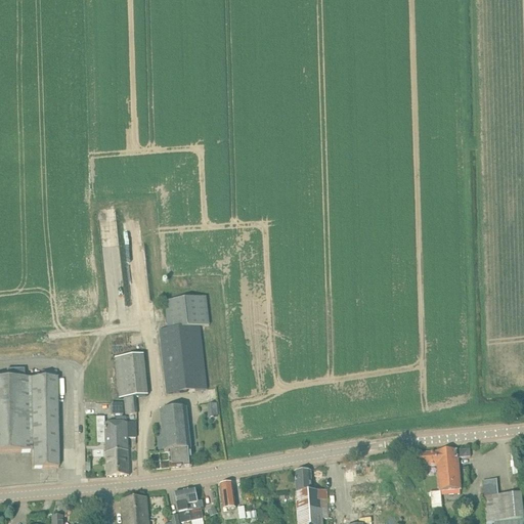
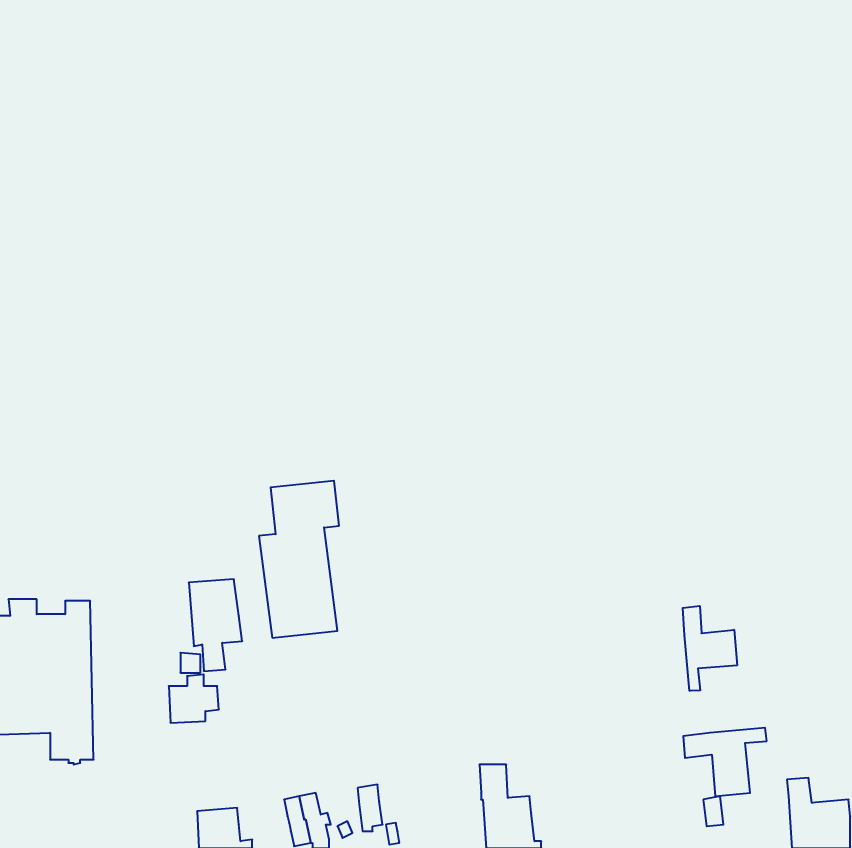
building: none -> [683,606,737,691]
building: [160,405,190,466] -> none
building: [104,442,128,475] -> none

